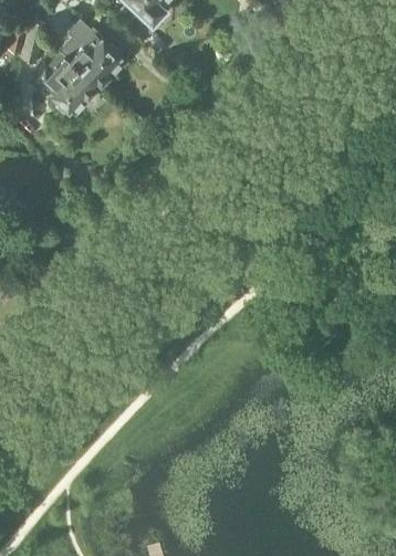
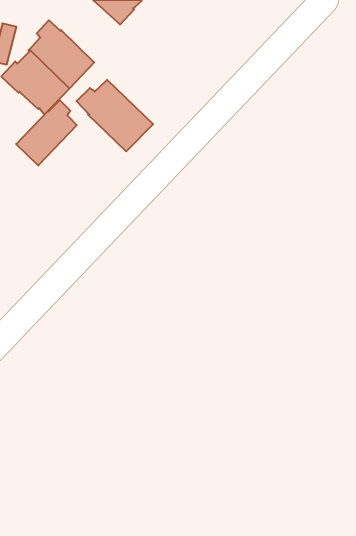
building: none -> [76,80,153,151]
building: none -> [16,100,77,166]

